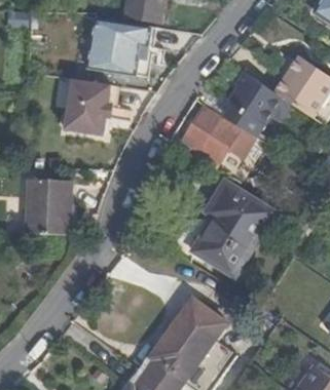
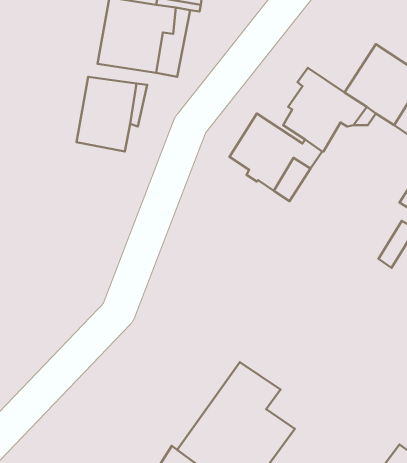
building: [24,179,70,234] -> none
building: [193,183,271,274] -> none

